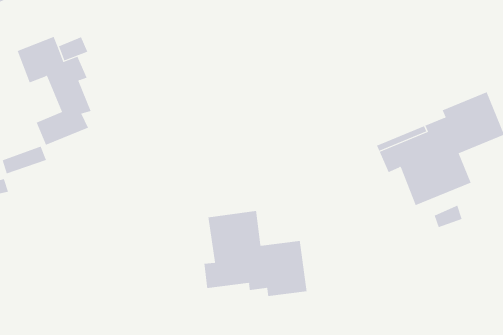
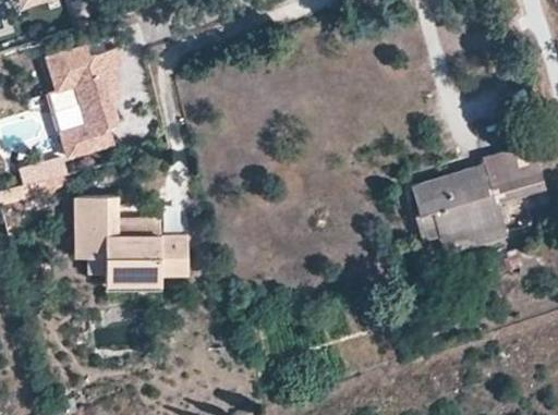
building: none -> [75,192,190,281]
building: [204,210,307,297] -> none

